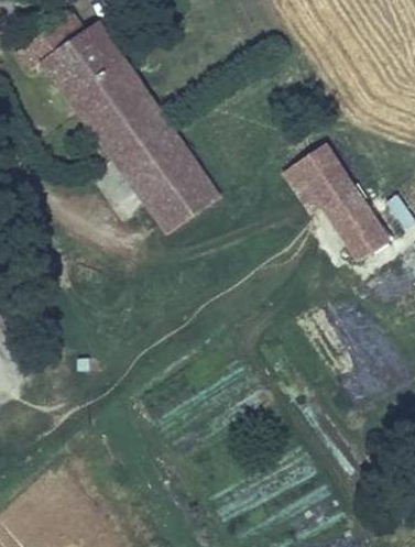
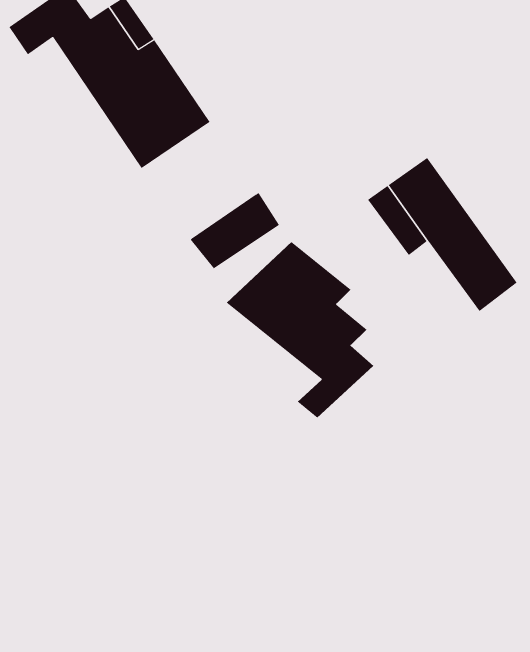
building: [112,118,200,206] -> none
building: none -> [226,241,374,418]

